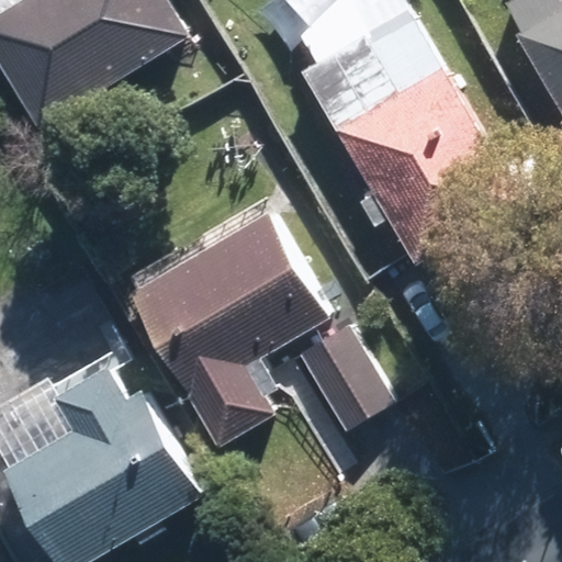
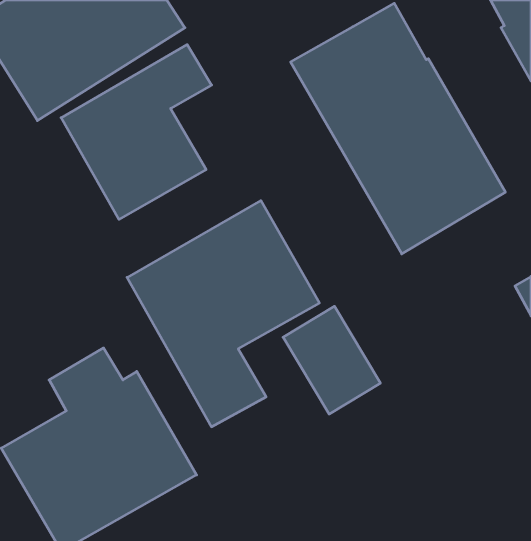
building: none -> [61,45,212,219]

